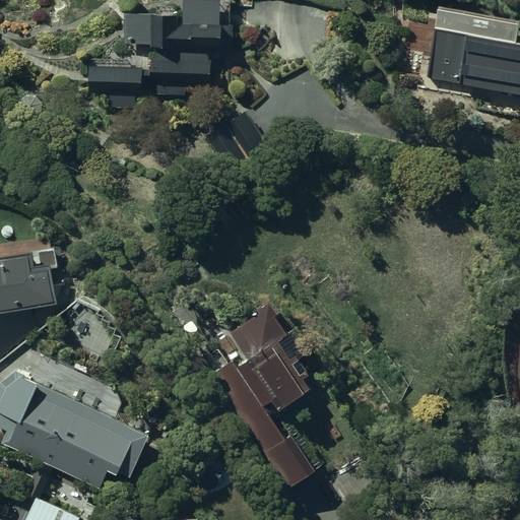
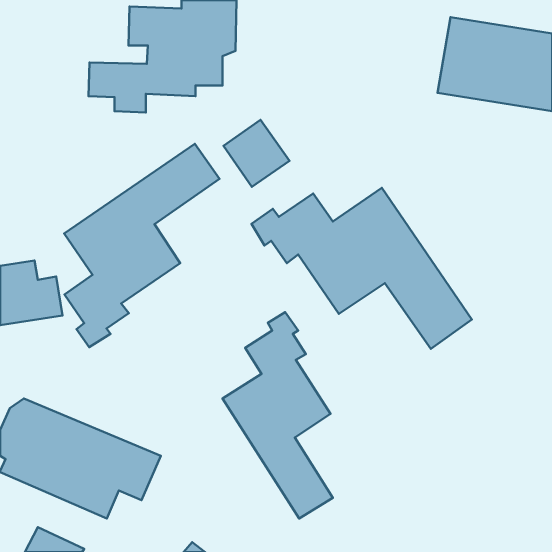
building: none -> [64,144,220,347]
building: none -> [252,188,472,349]

